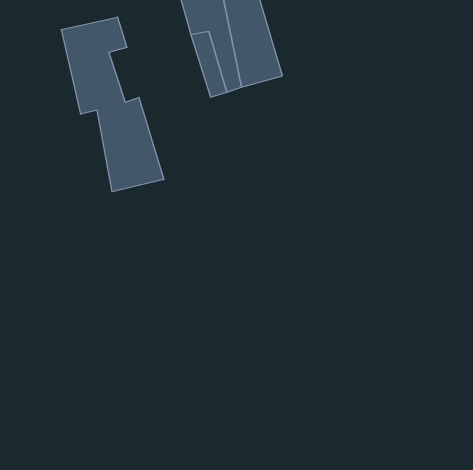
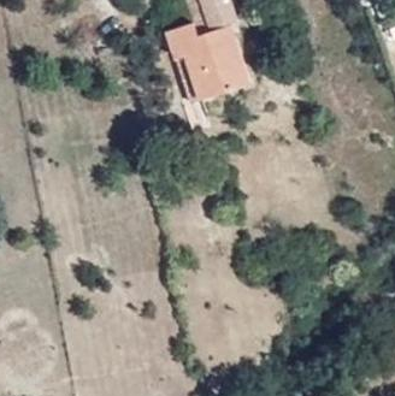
building: [61,17,164,192] -> none

